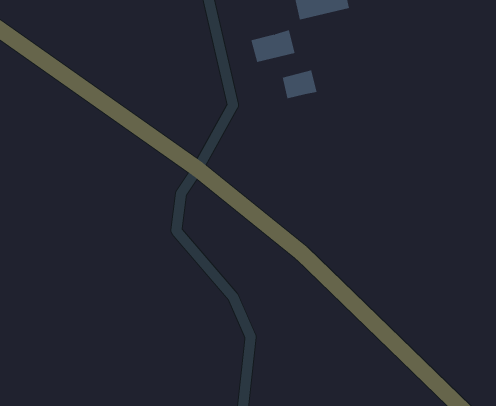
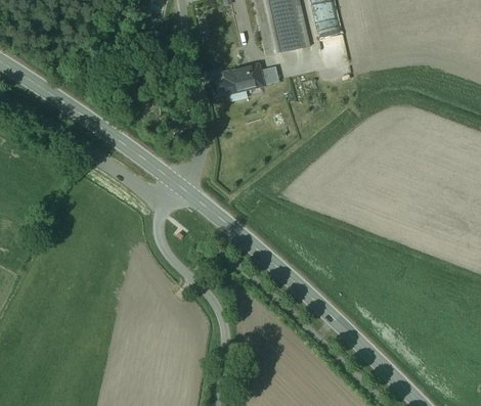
building: [282,70,317,99] -> none

